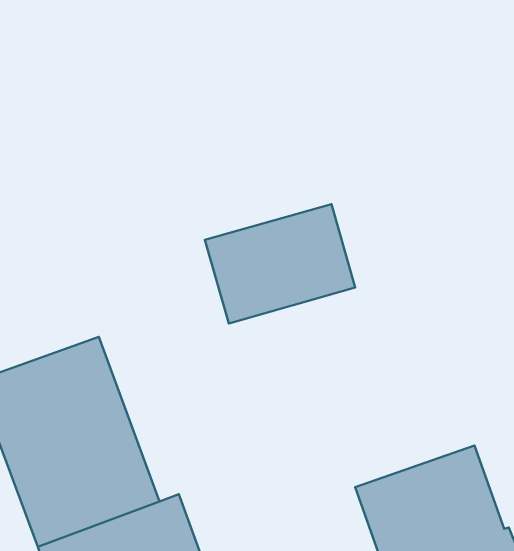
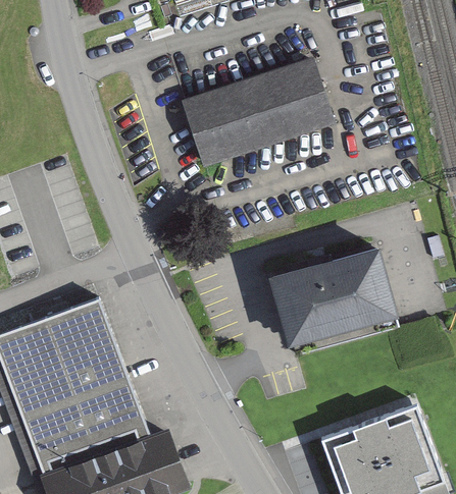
building: none -> [181,57,337,169]
building: [205,204,355,323] -> [266,254,395,355]

